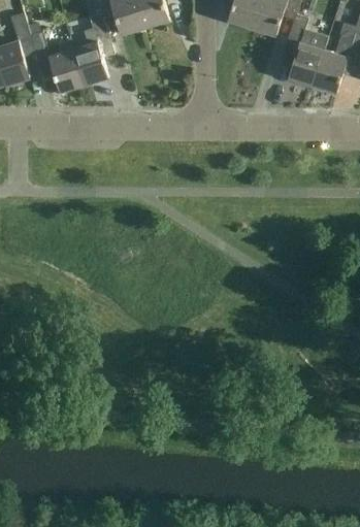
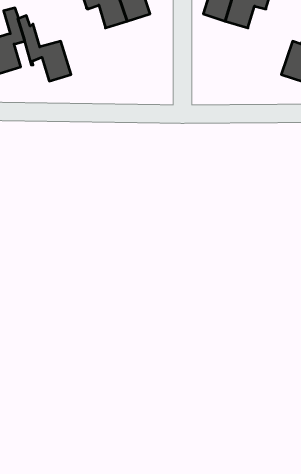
building: [72,12,114,85] -> none
building: [282,13,328,85] -> none

